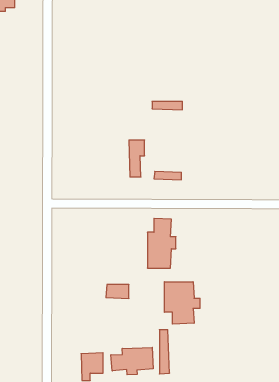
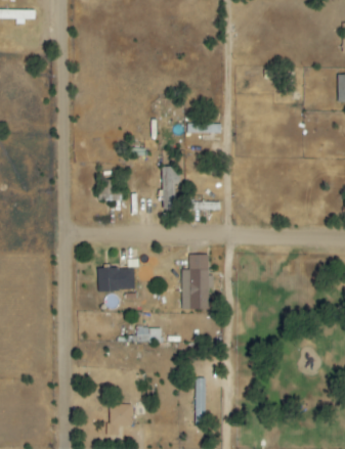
building: none -> [97,267,134,290]
building: [164,282,200,324] -> none
building: [111,347,153,375] -> none

